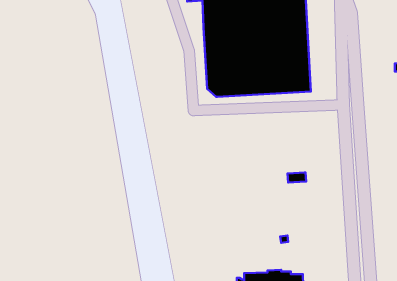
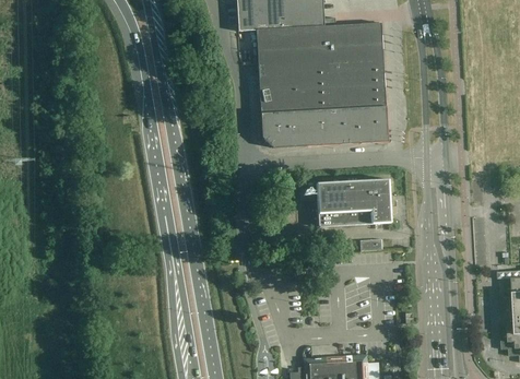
building: none -> [316,178,391,228]

